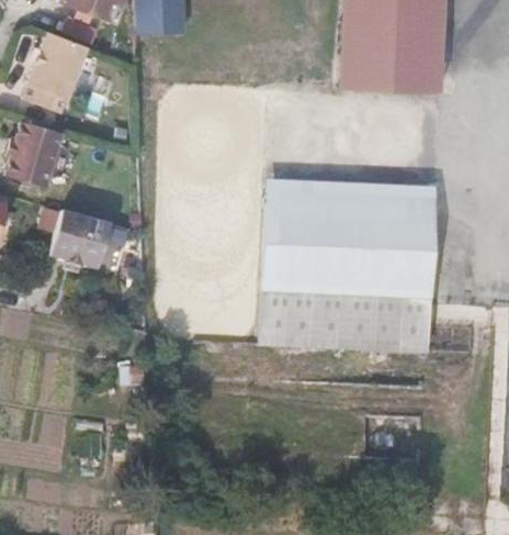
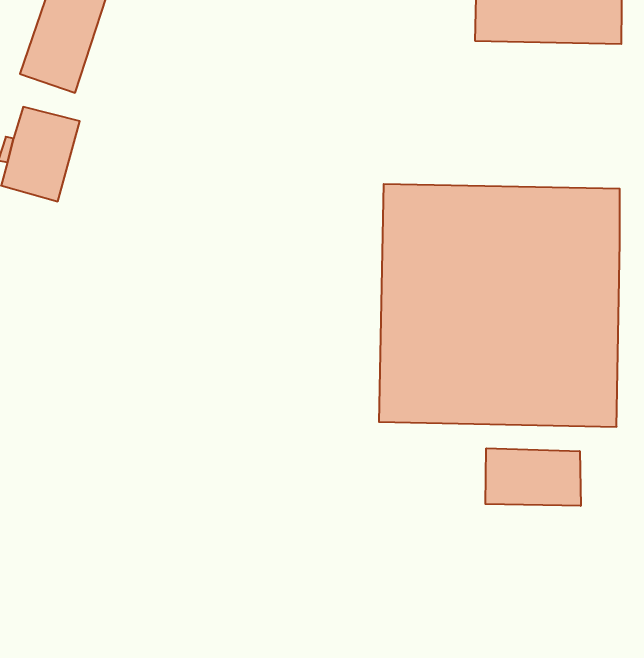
building: [53,212,110,267] -> none
building: none -> [485,448,581,506]

